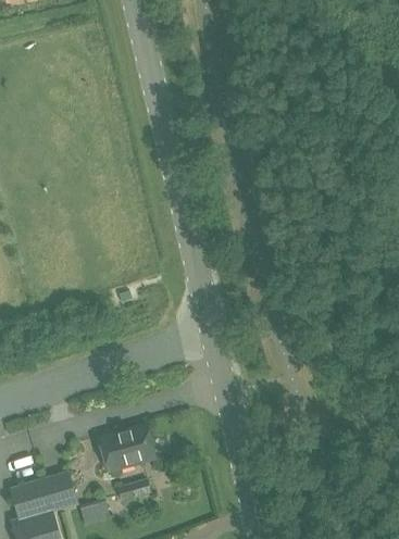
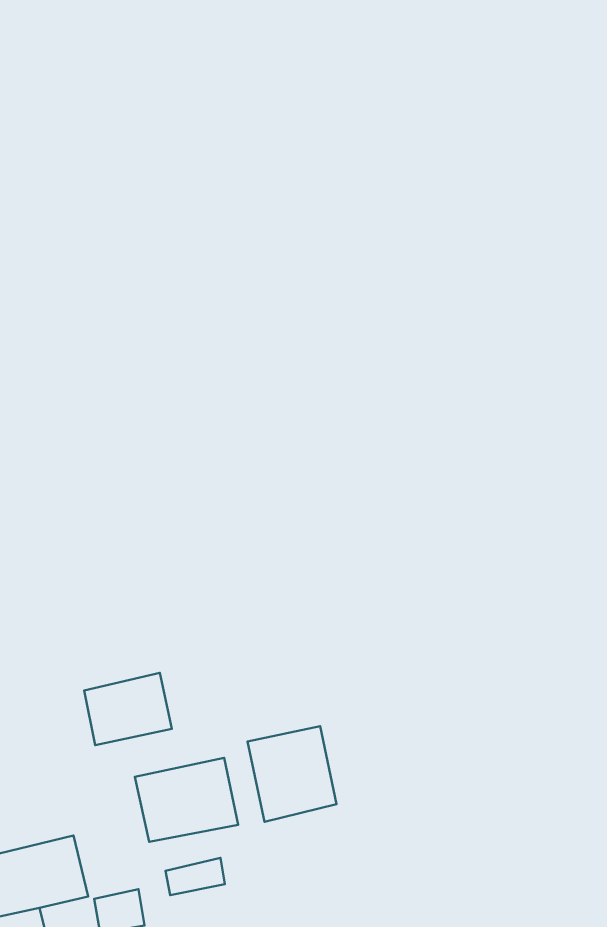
building: none -> [84,673,172,745]
building: none -> [247,726,337,822]

